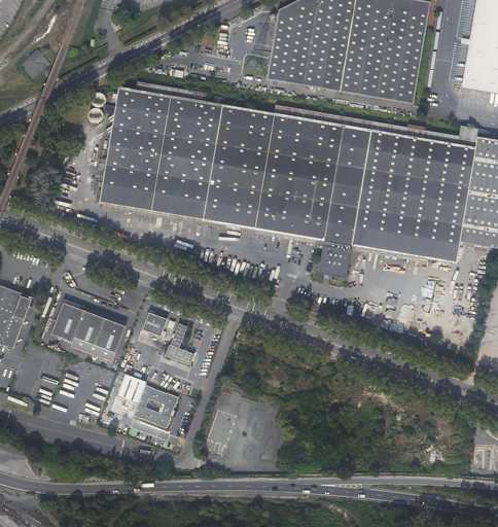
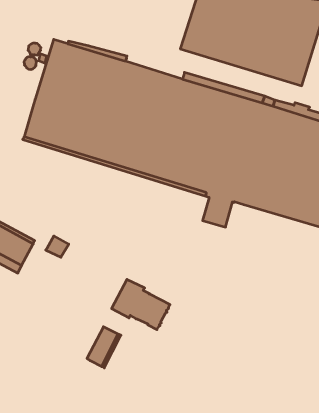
building: [166,324,195,366] -> none
building: [112,376,179,429] -> [112,279,170,330]

